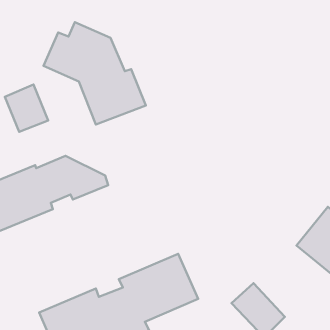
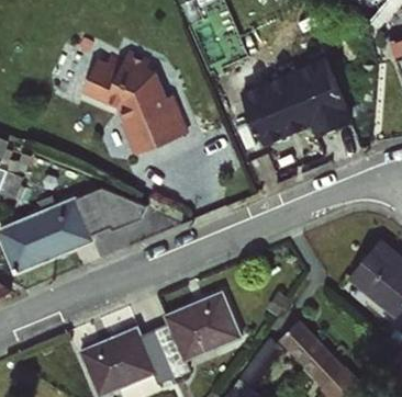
building: none -> [237,43,353,144]
building: [5,85,48,132] -> none

